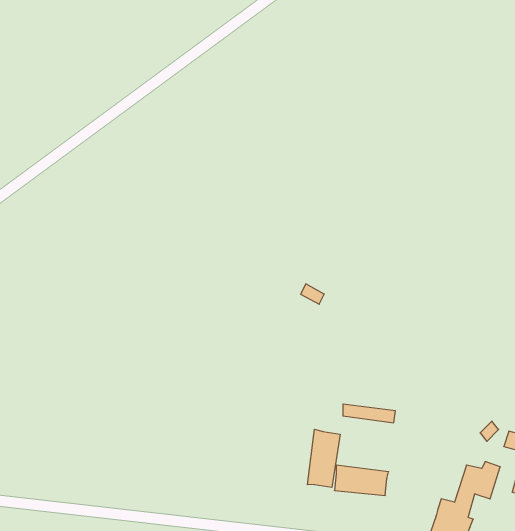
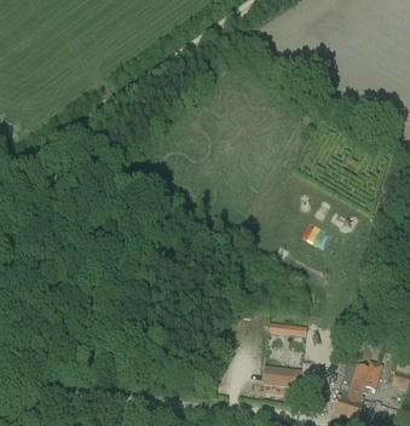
building: [307,429,340,487] -> none

